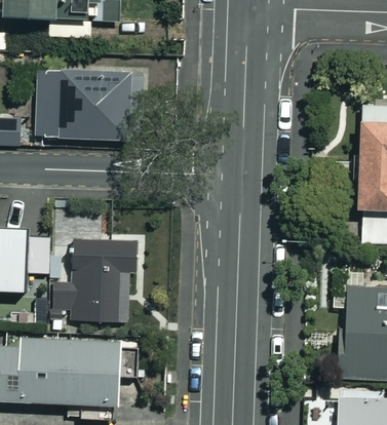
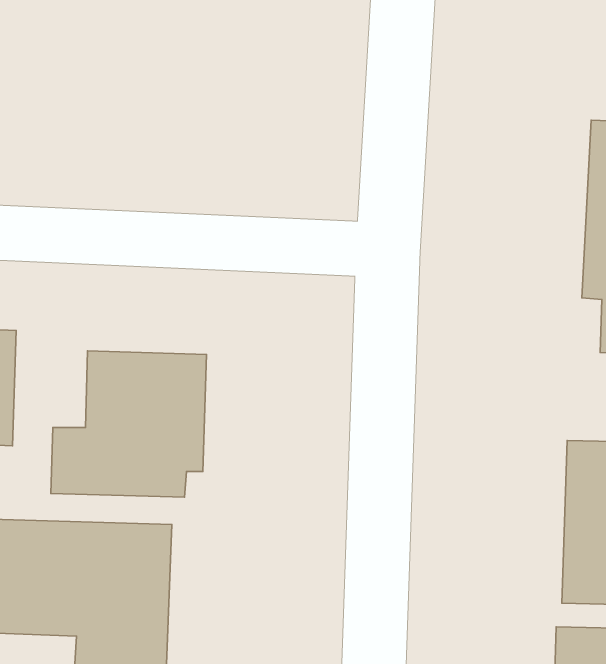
building: [36,70,140,139] -> none

